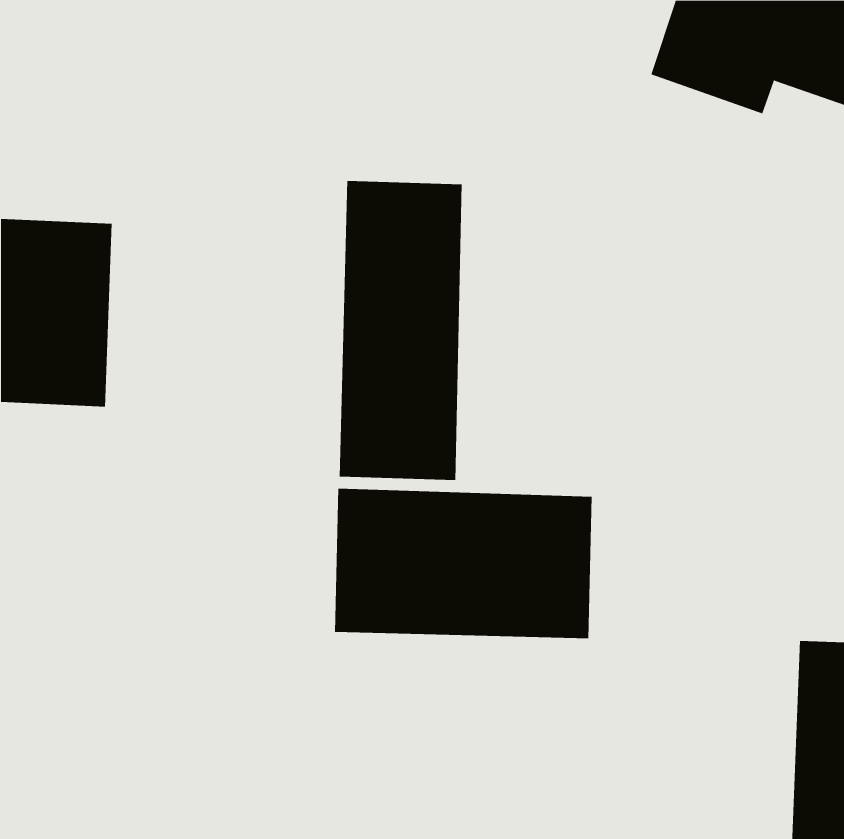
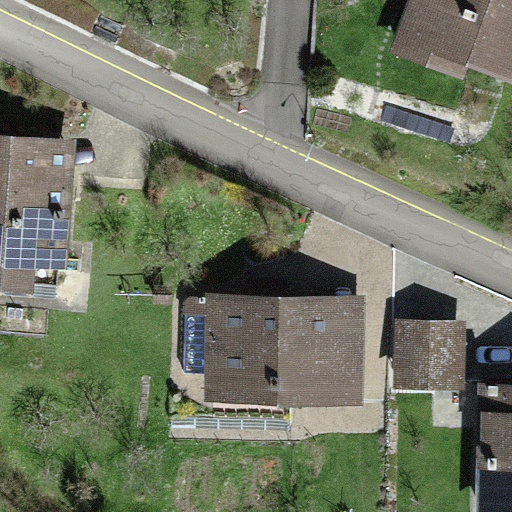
building: [339,180,462,481] -> none
building: none -> [389,325,465,385]

